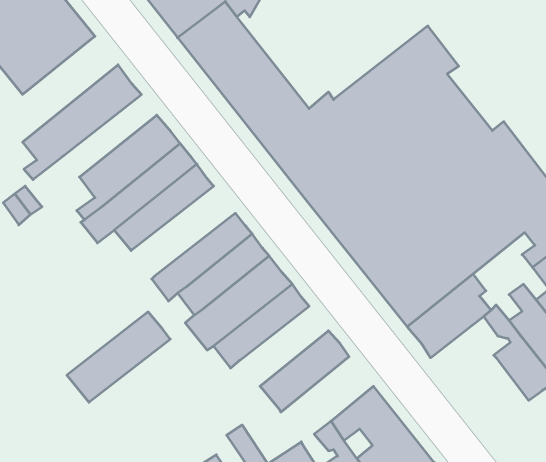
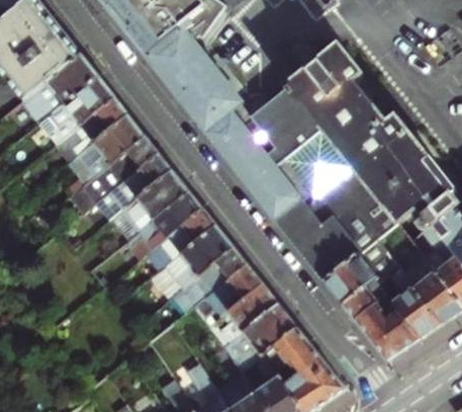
building: none -> [14,53,98,136]
building: none -> [55,98,128,163]
building: none -> [193,264,263,327]
building: [67,312,170,402] -> [109,170,190,241]
building: none -> [343,279,420,359]
building: none -> [225,304,298,373]

